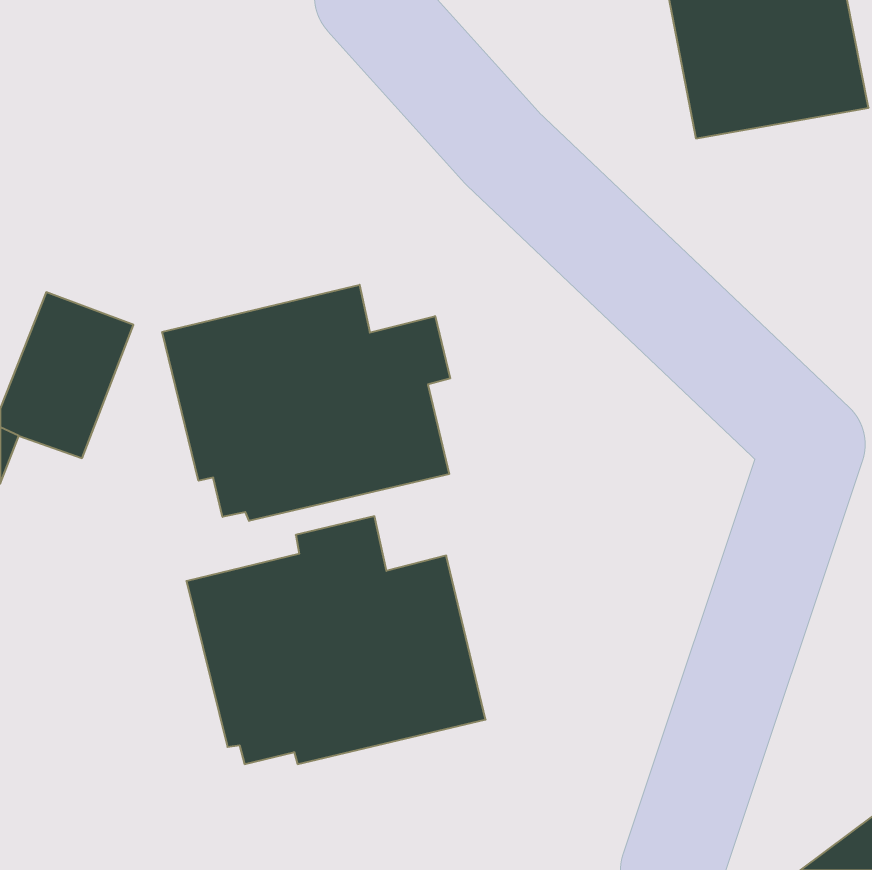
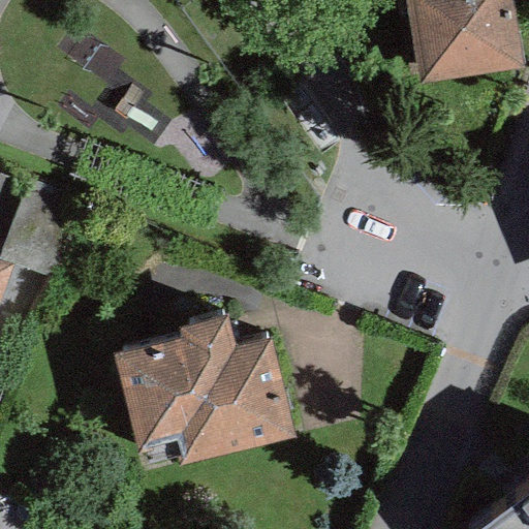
building: [162,285,450,521] -> none

